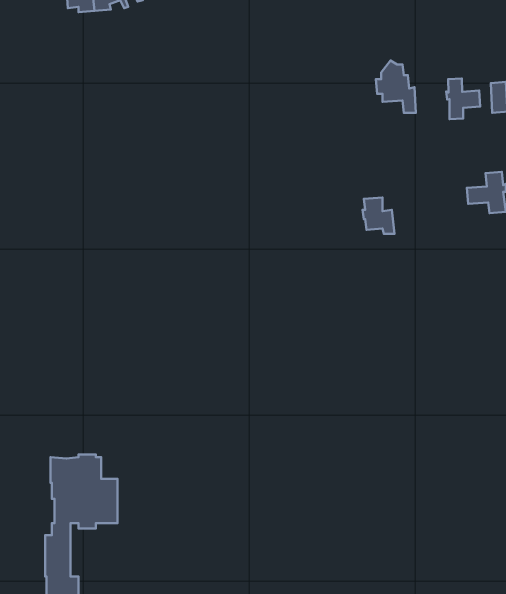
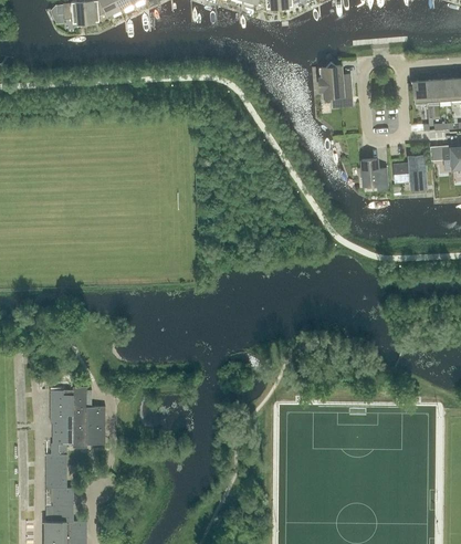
building: [446,78,480,119] -> none
building: [363,198,395,234] -> [360,158,387,188]

